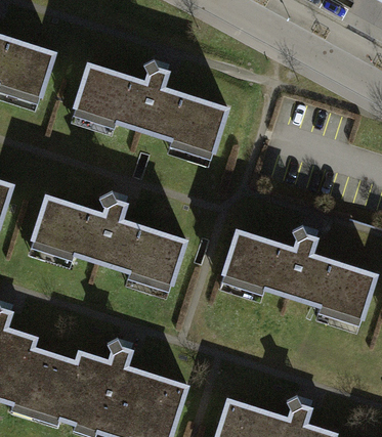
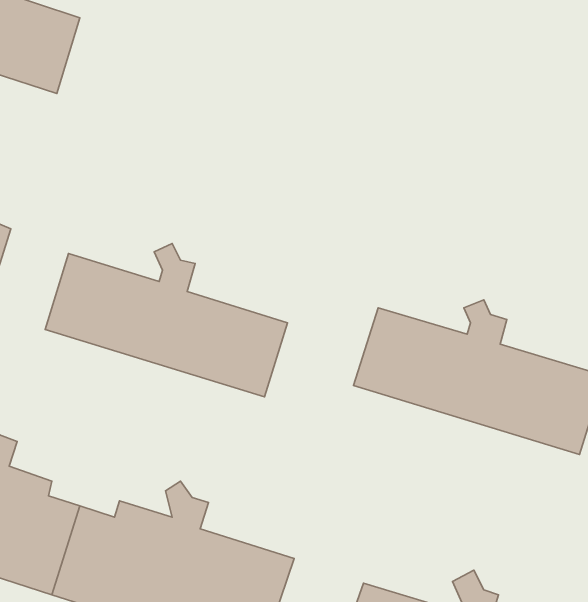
building: [72,58,226,155] -> none

